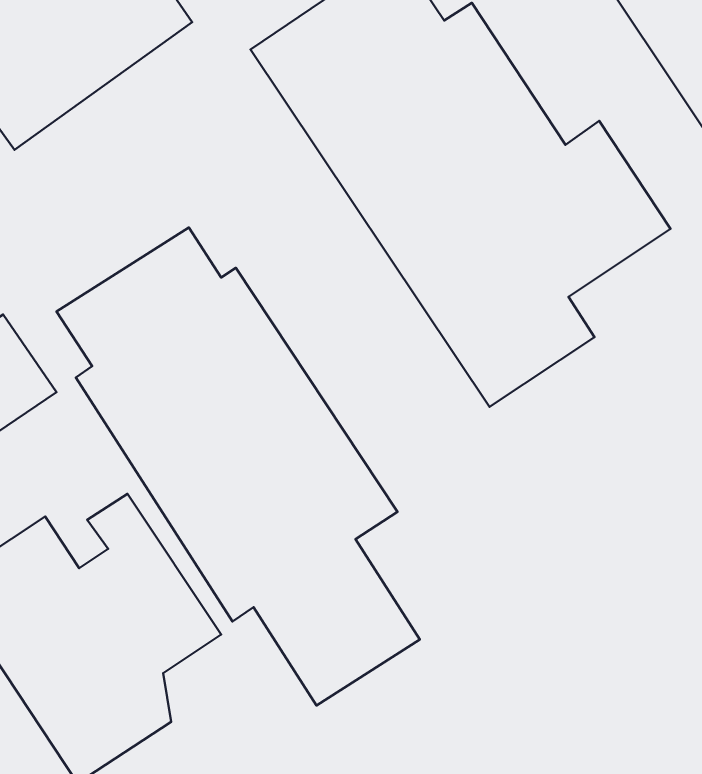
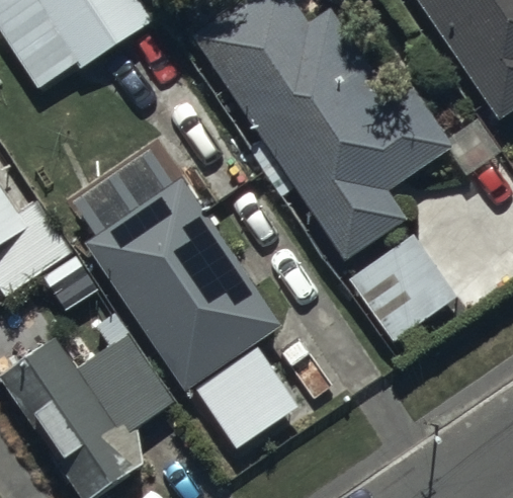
building: none -> [351,234,459,341]

